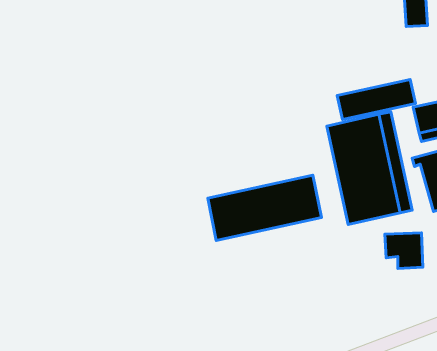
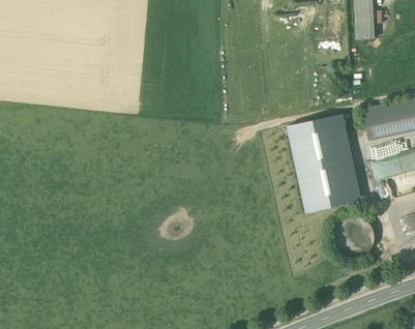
building: [337,79,416,119] -> none
building: [208,175,321,240] -> none

